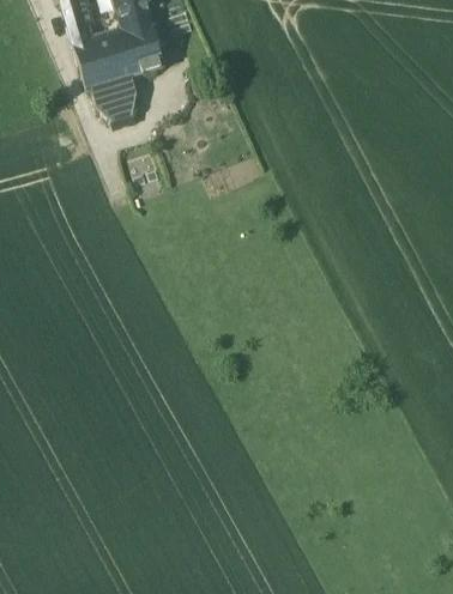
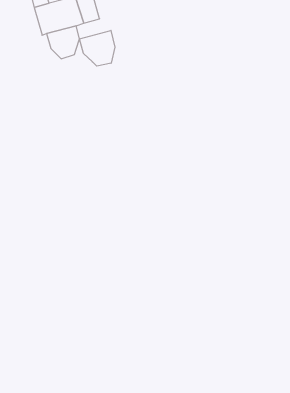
building: none -> [80,30,115,66]

